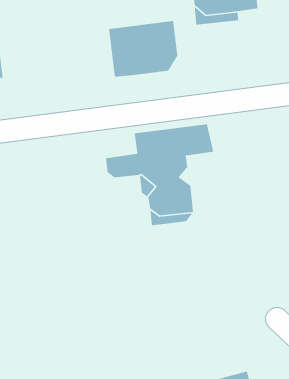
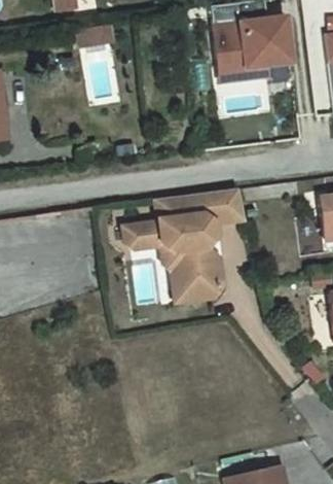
building: [108,20,178,78] -> none

